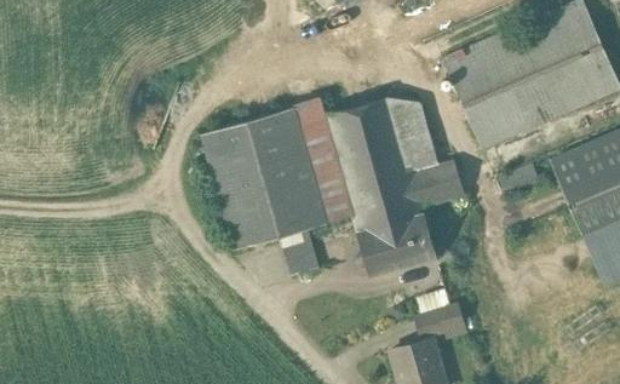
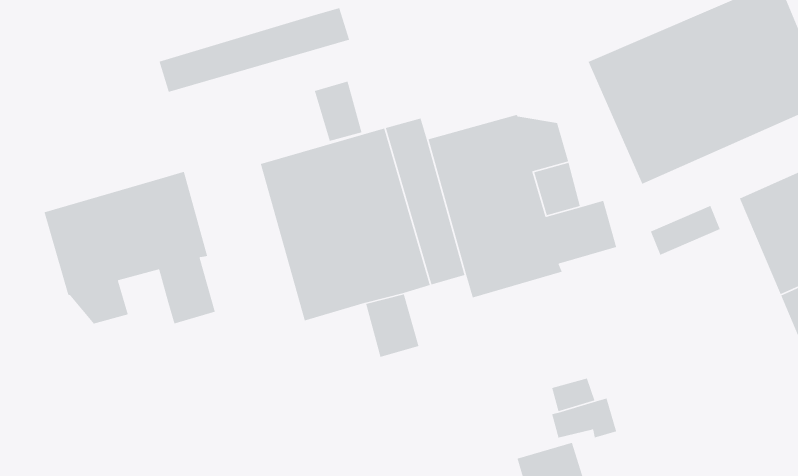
building: none -> [159,7,350,93]
building: none -> [314,81,362,142]
building: none -> [43,171,216,324]
building: [357,214,436,277] -> none

